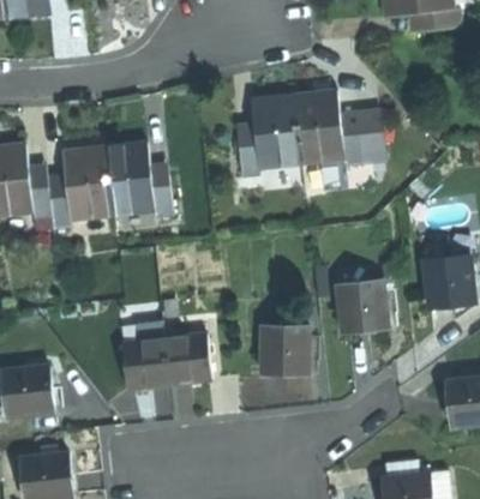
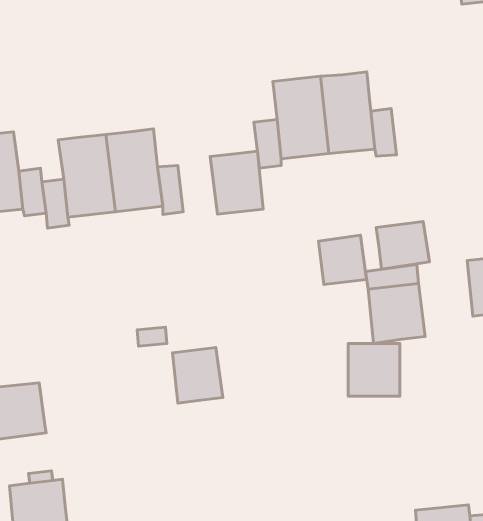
building: [338,113,383,166] -> none
building: none -> [210,151,263,214]
building: none -> [376,221,429,269]
building: none -> [318,235,366,284]
building: [260,324,306,371] -> [348,343,400,396]
building: [120,341,169,390] -> none

